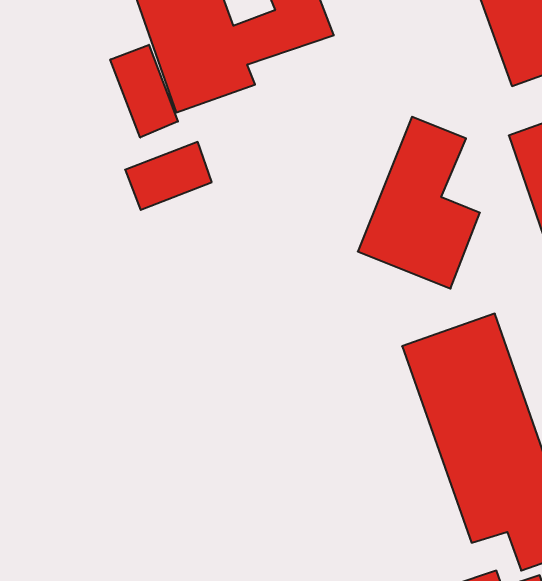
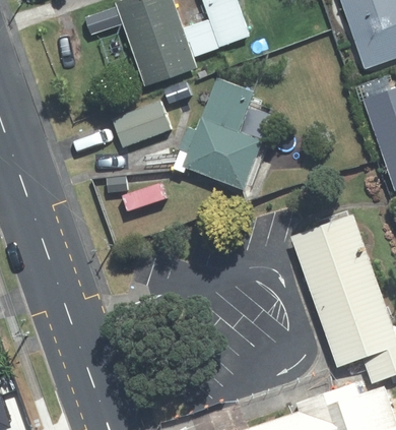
building: [110,45,178,138] -> none
building: [358,117,480,289] -> [183,78,263,191]

